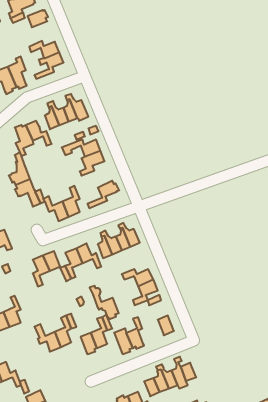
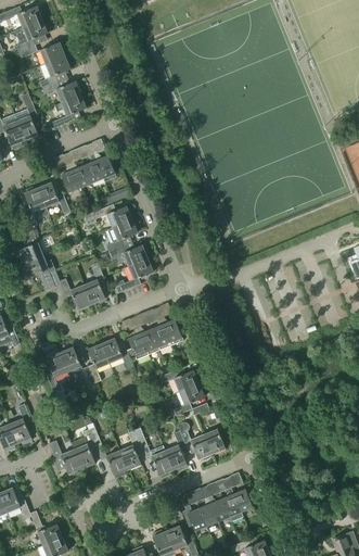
building: none -> [38,56,69,89]
building: none -> [107,244,148,267]
building: [90,286,119,319] -> [175,419,211,462]

